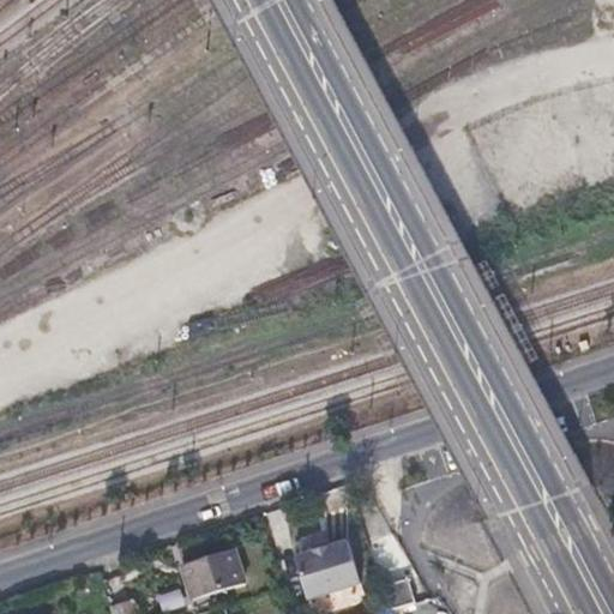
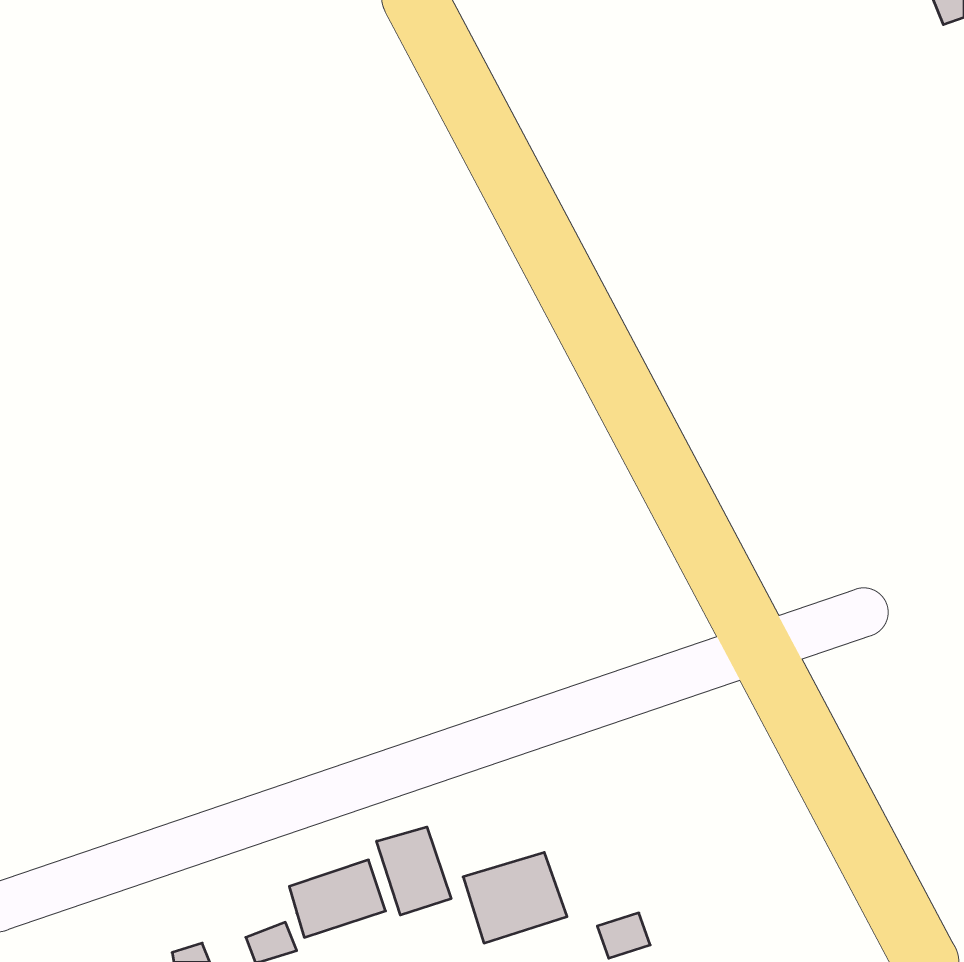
building: none -> [377,827,451,915]

